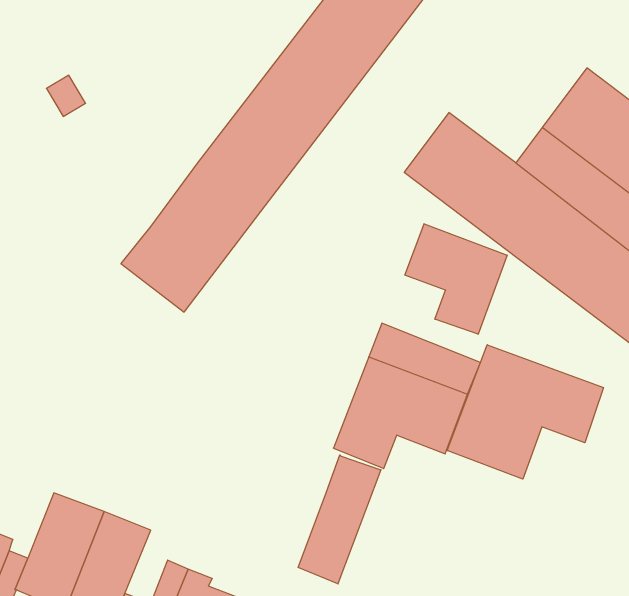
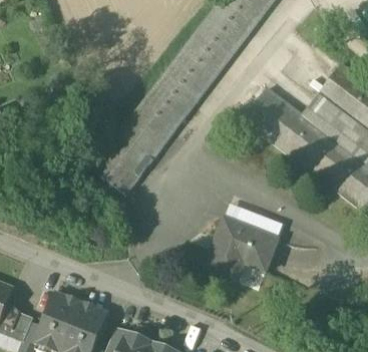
building: [405,224,507,334] -> none
building: [447,345,604,479] -> none
building: [298,455,381,584] -> none

